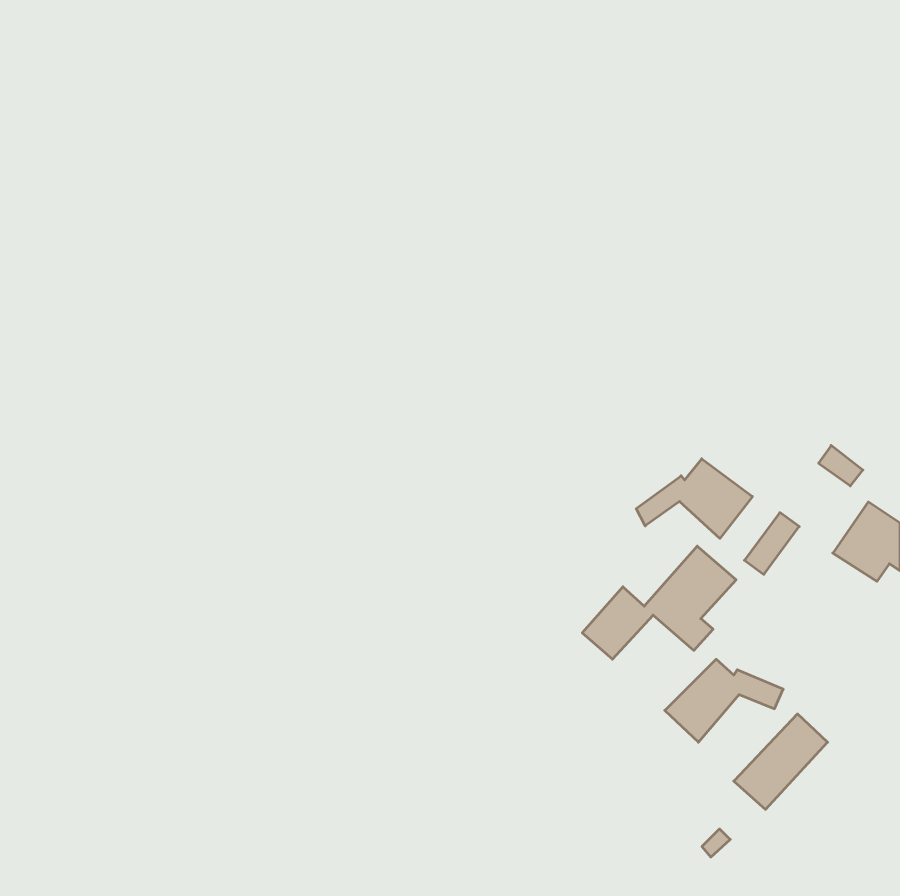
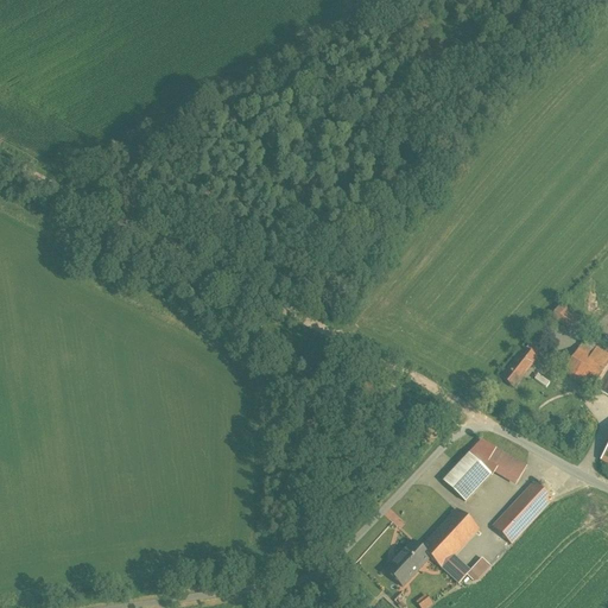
building: [636,459,752,538] -> none
building: [582,546,736,659] -> [380,507,483,583]

